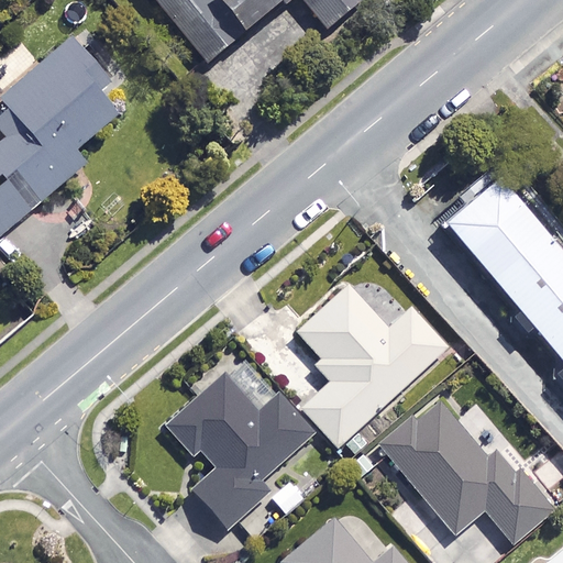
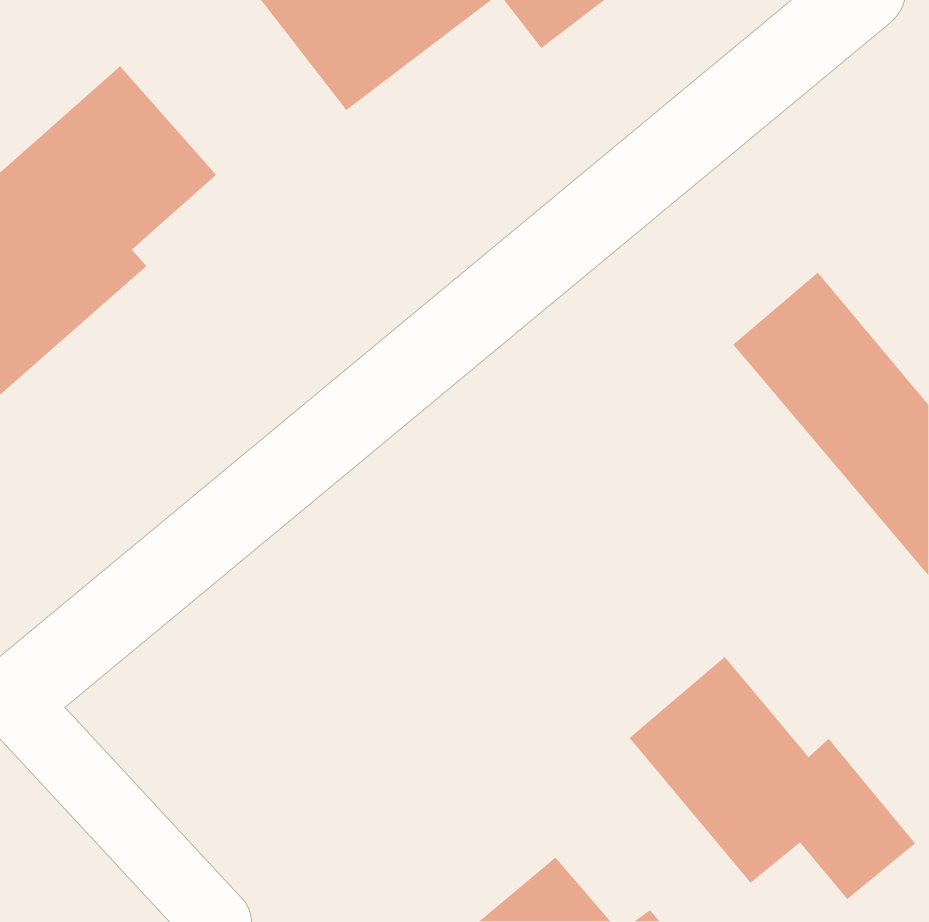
building: [294,282,448,445] -> none
building: [168,376,314,528] -> none

